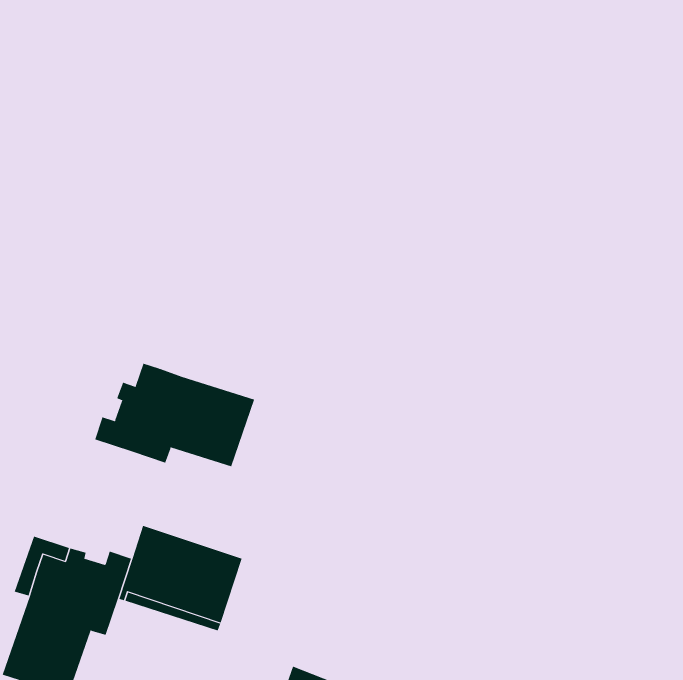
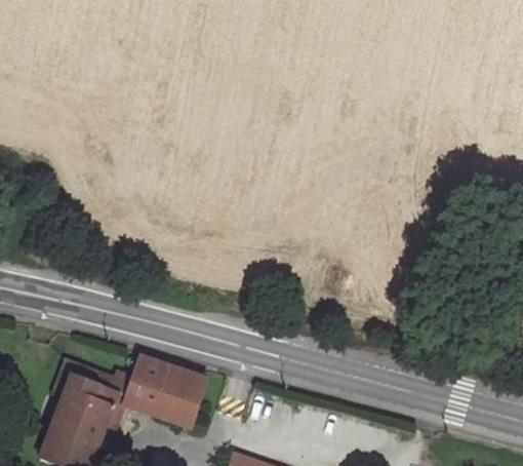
building: [94,363,255,467] -> none

